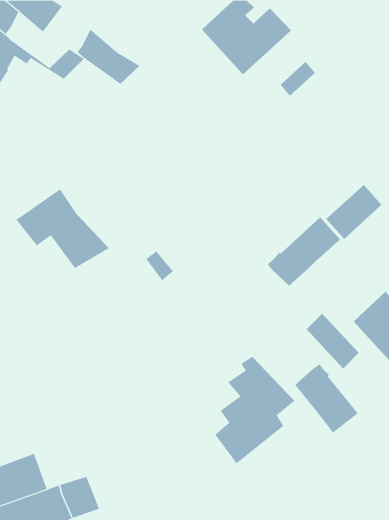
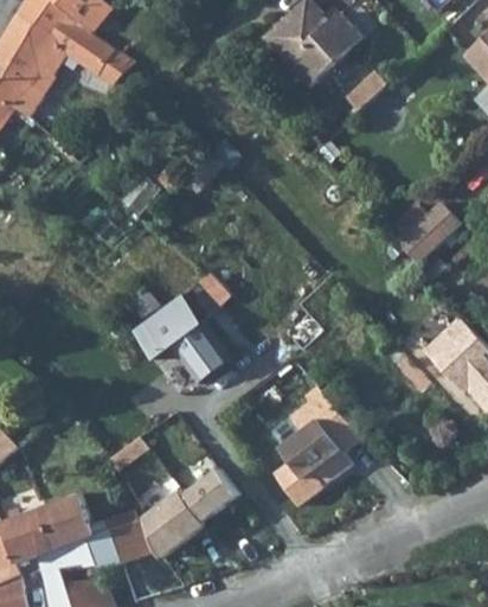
building: [77,29,140,84] -> [49,13,117,74]
building: [16,188,109,269] -> [133,293,235,381]
building: [267,216,341,287] -> none
building: [294,363,359,434] -> none
building: none -> [145,469,236,560]

